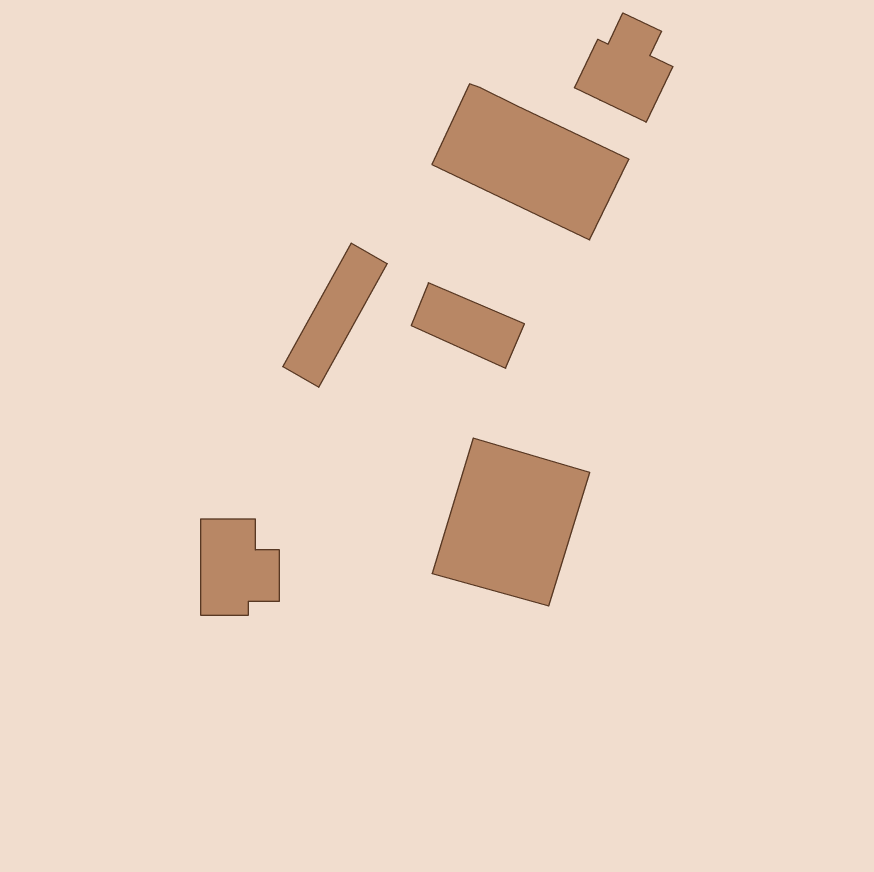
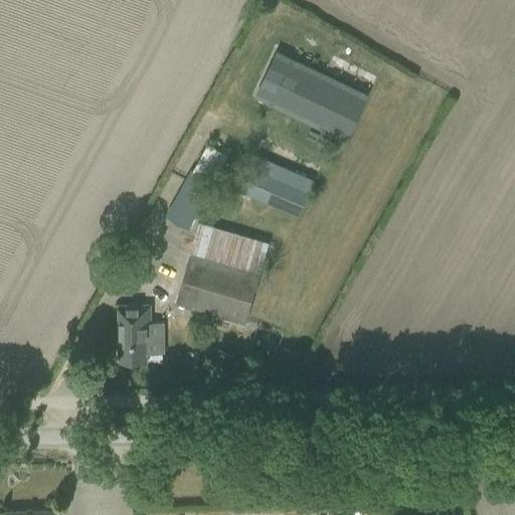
building: [575,13,673,122] -> none
building: [432,438,590,606] -> [176,224,269,323]

